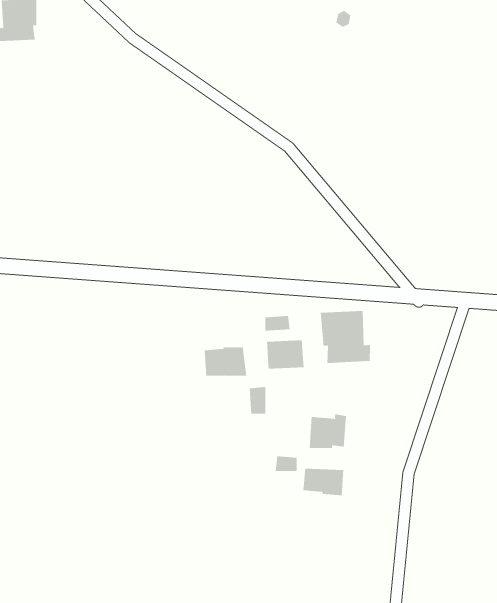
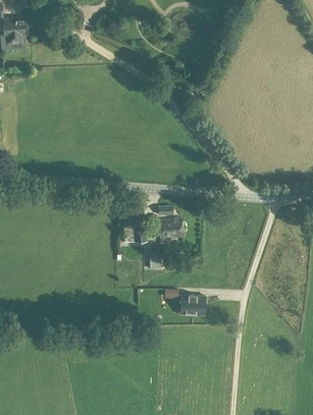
building: [320,310,370,364] -> none
building: [309,414,346,449] -> none

